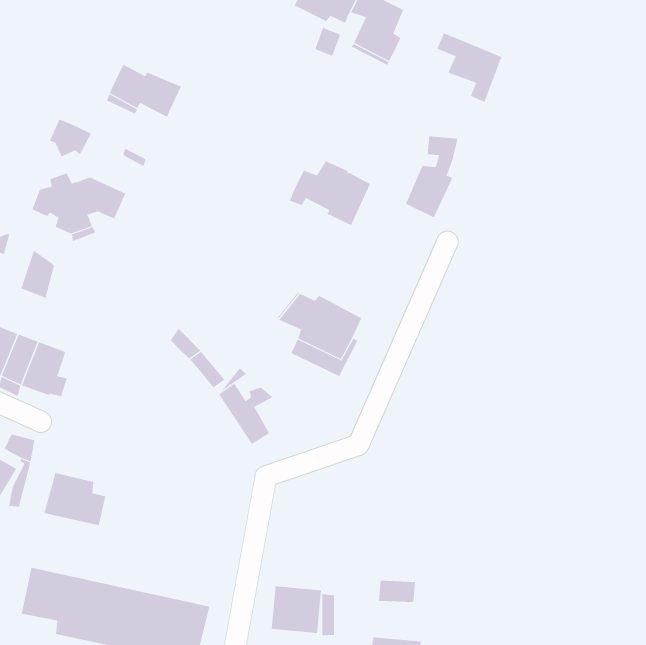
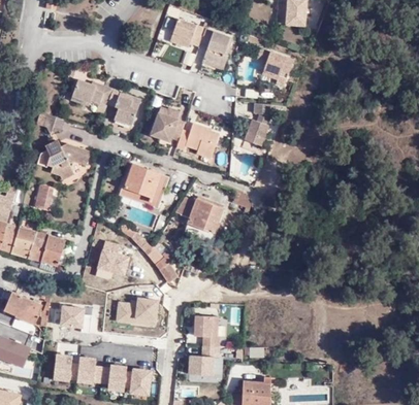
building: none -> [107,89,141,126]
building: none -> [153,106,185,140]
building: none -> [121,163,168,208]
building: none -> [95,240,131,280]
building: none -> [115,297,160,327]
building: none -> [195,314,220,345]

